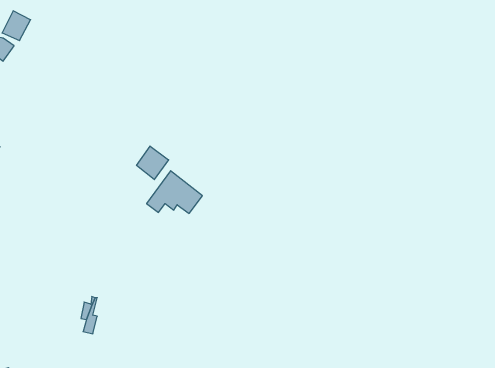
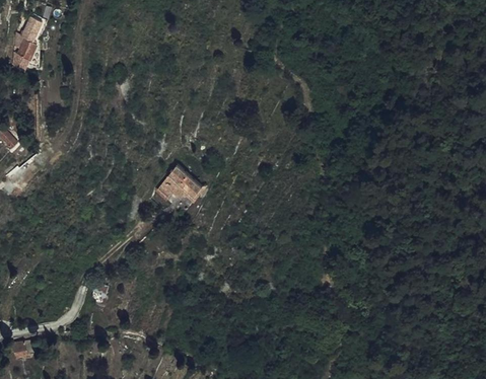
building: [137,146,169,180] -> none

